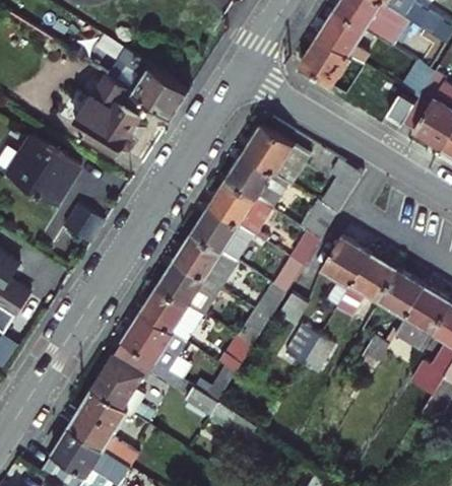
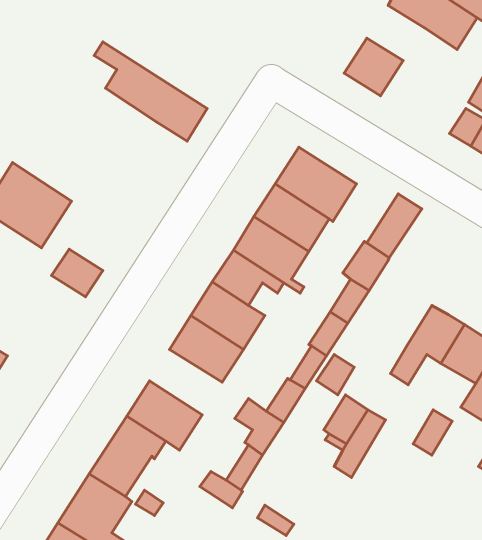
building: [318,10,369,64] -> none
building: [57,67,148,154] -> none
building: [321,234,371,285] -> none
building: [142,288,201,341] -> none

